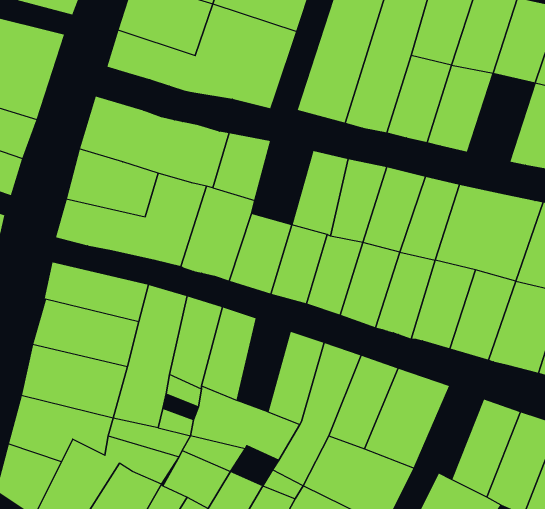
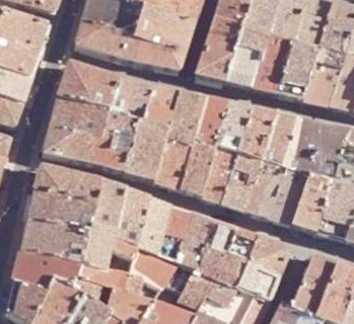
building: none -> [302,49,345,104]
building: none -> [166,91,205,144]
building: none -> [157,202,191,261]

